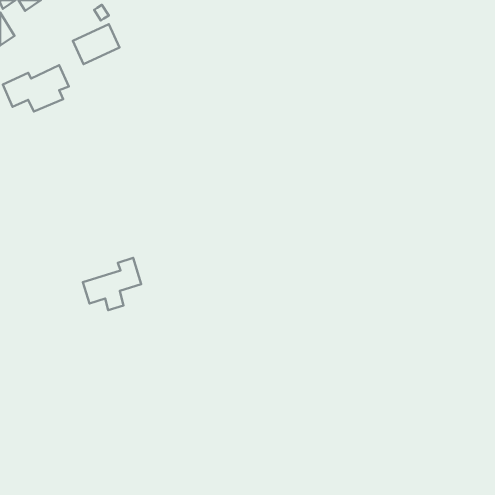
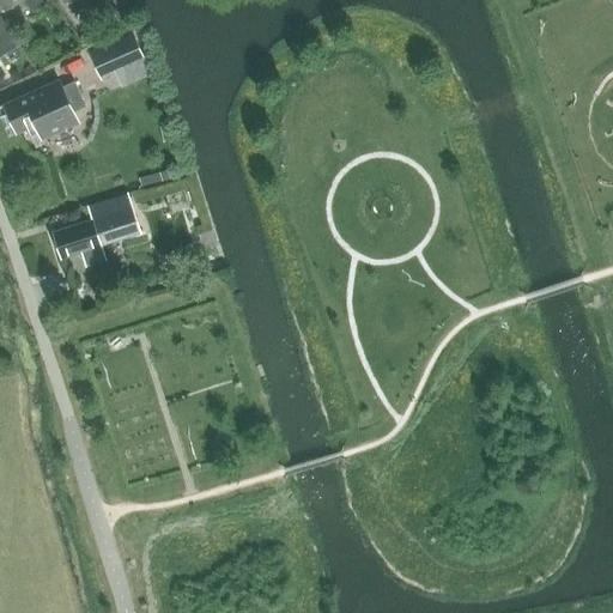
building: [83,258,141,310] -> [54,202,126,267]

